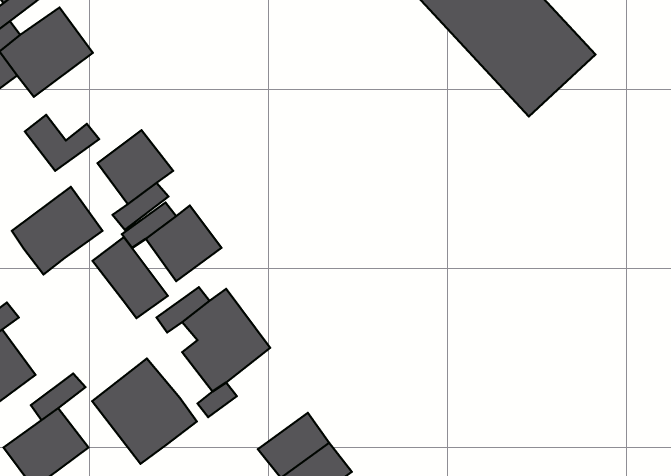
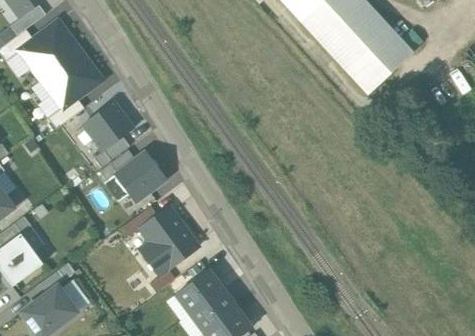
building: [12,187,103,275] -> [41,50,101,108]
building: [93,237,168,318] -> none
building: [92,358,197,464] -> none
building: none -> [175,269,222,312]

